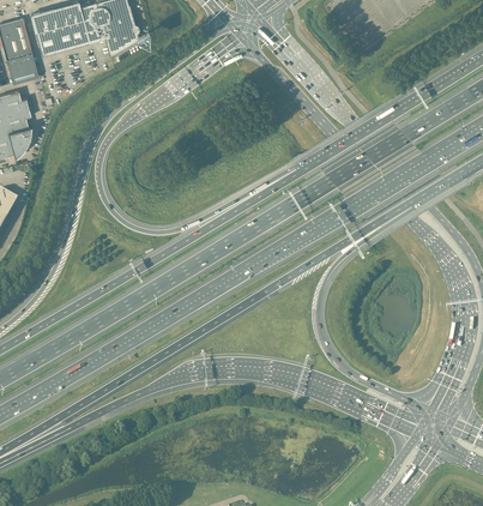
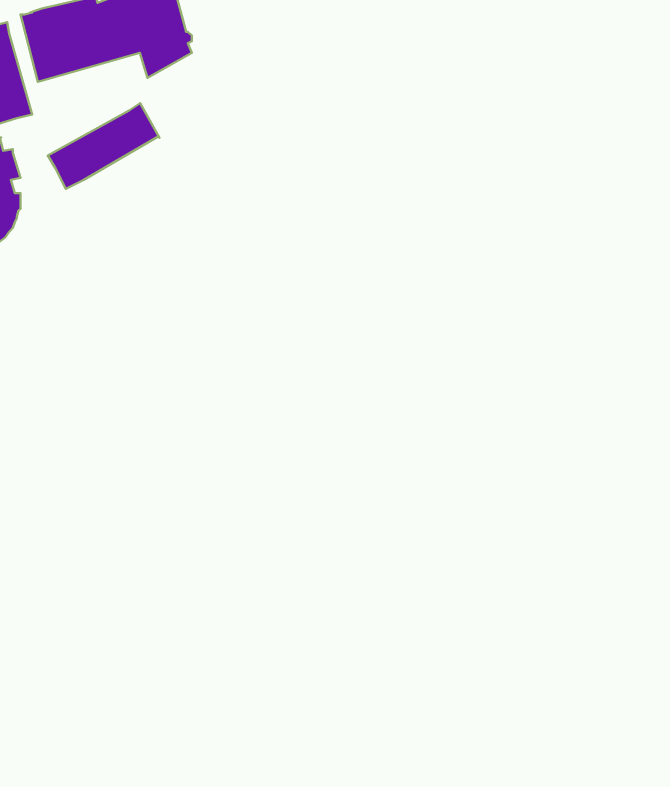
building: none -> [48,103,160,189]

